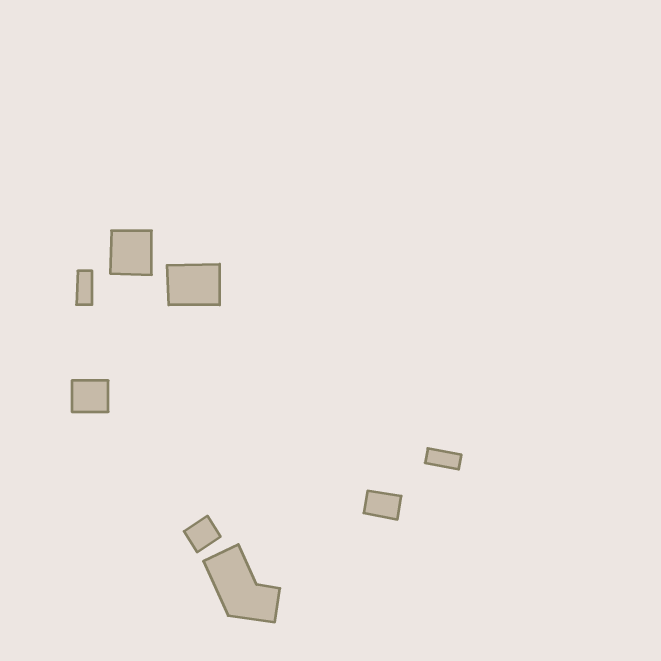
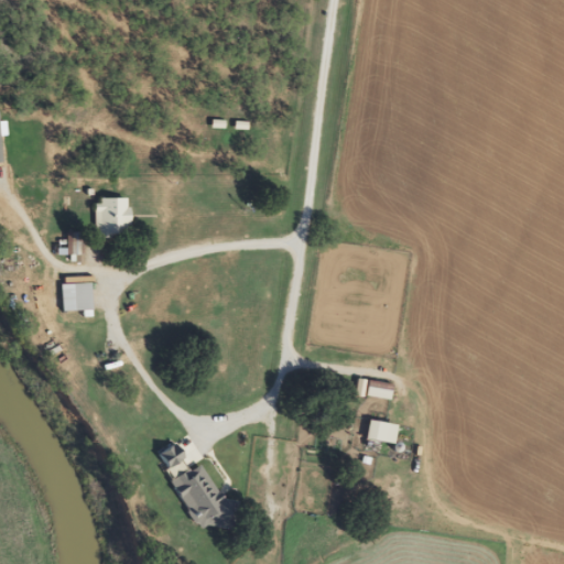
building: [167,264,220,305] -> none
building: [72,381,108,412] -> [63,282,94,308]
building: [364,491,401,519] -> [366,419,398,443]

